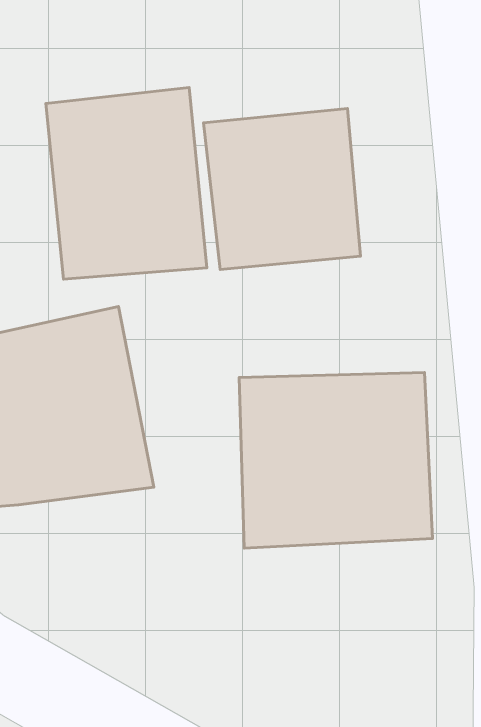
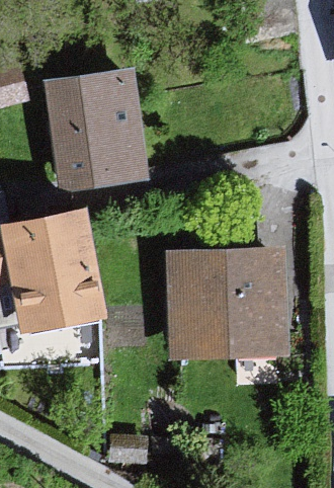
building: [203,109,360,270] -> none

